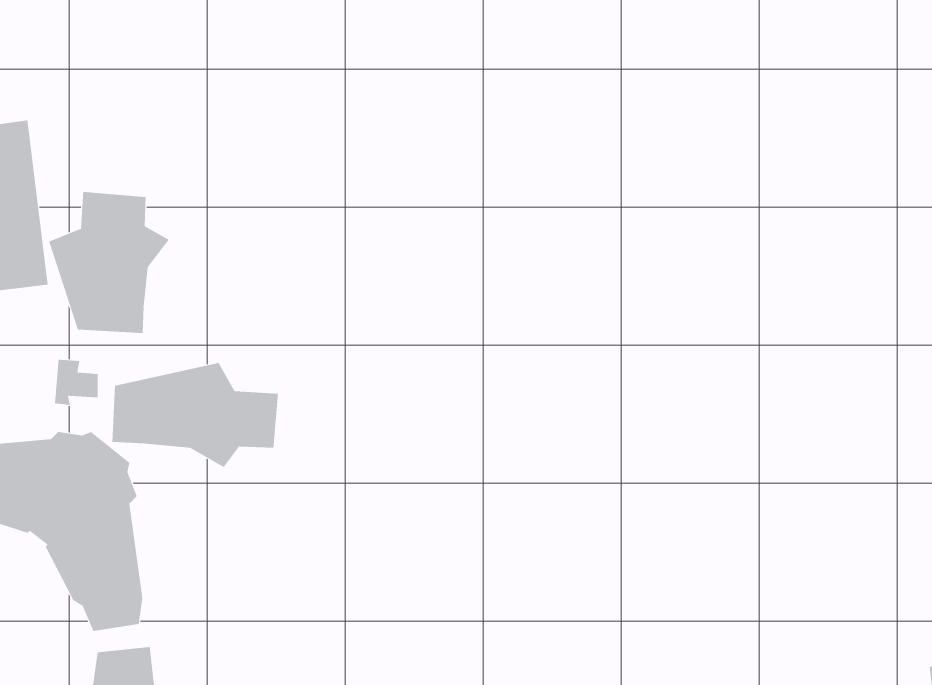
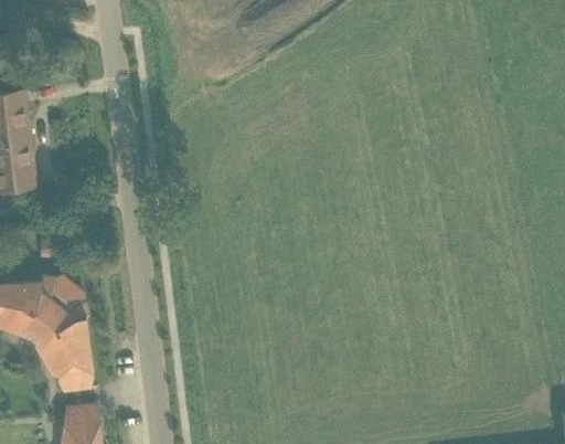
building: [49,191,169,334] -> none
building: [112,362,278,468] -> none

